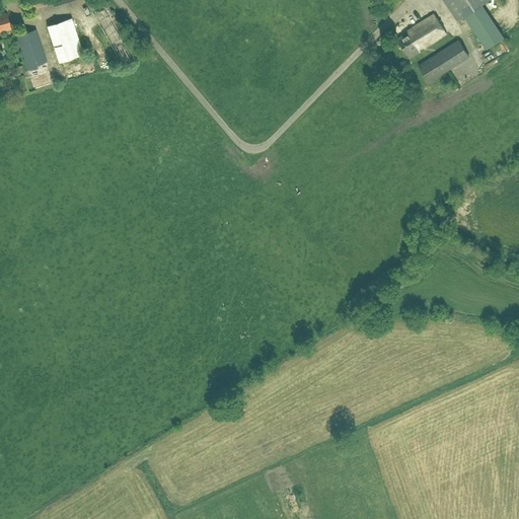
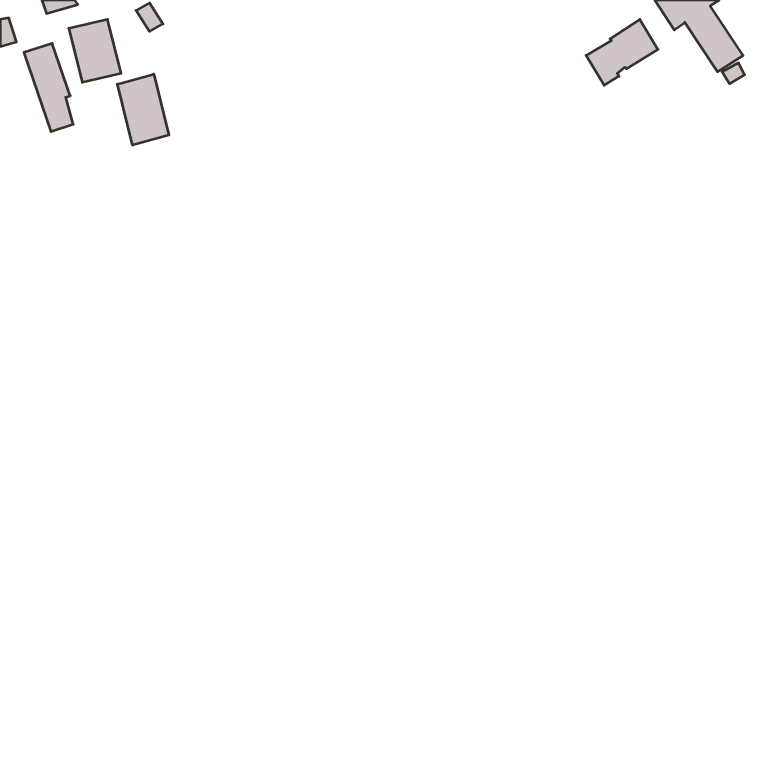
building: [419,40,468,82] -> none
building: none -> [117,74,169,145]

